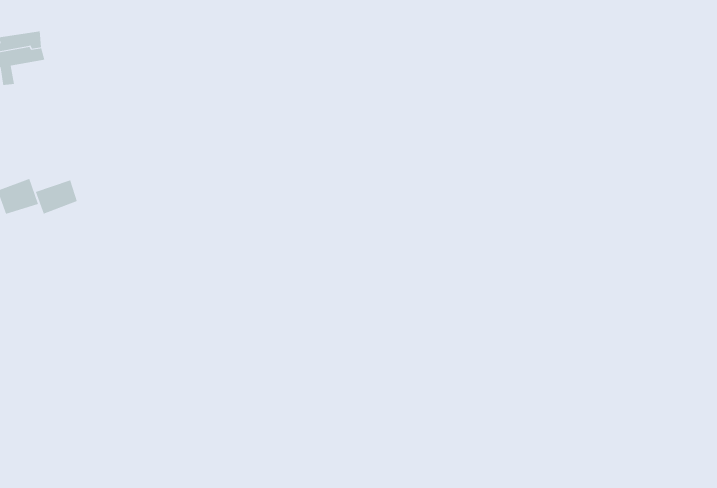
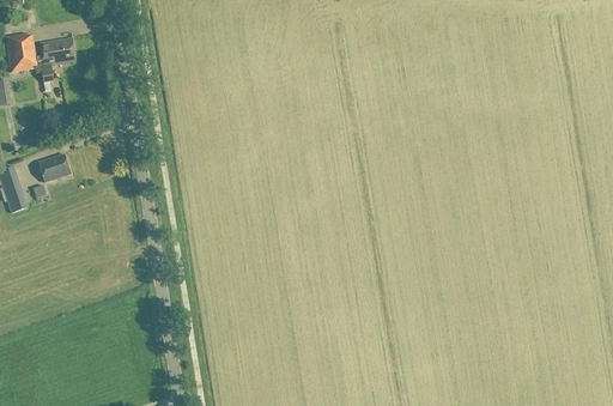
building: [35,179,78,214] -> none

